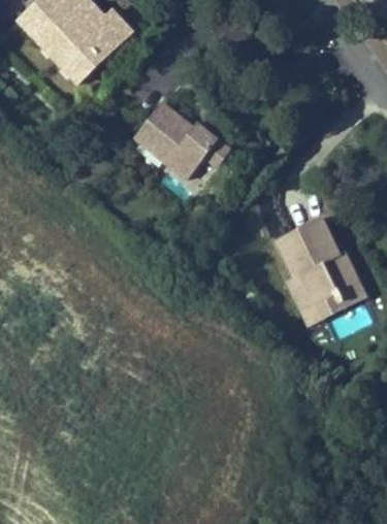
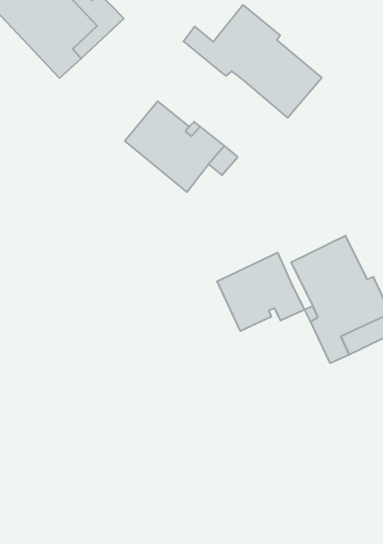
building: none -> [183,5,322,118]
building: none -> [217,252,304,331]

